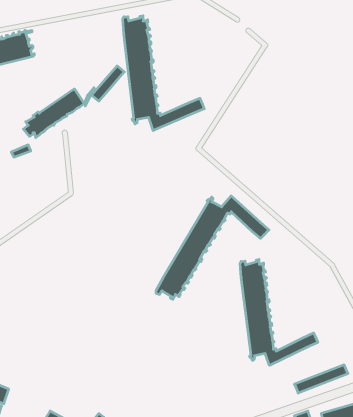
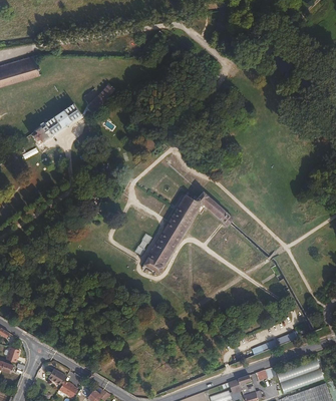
building: [123,16,204,131] -> none
building: [240,259,318,365] -> none

